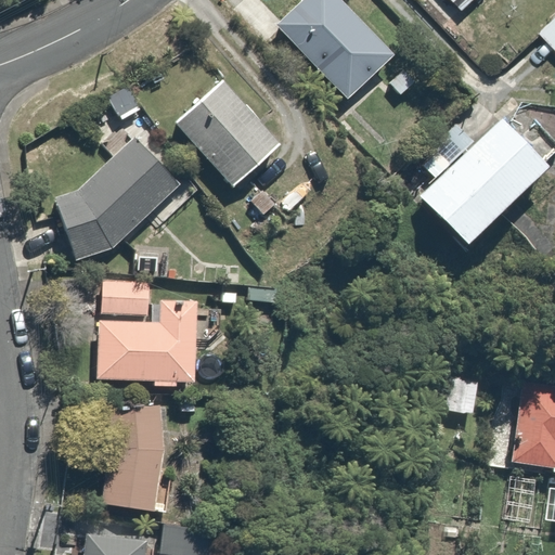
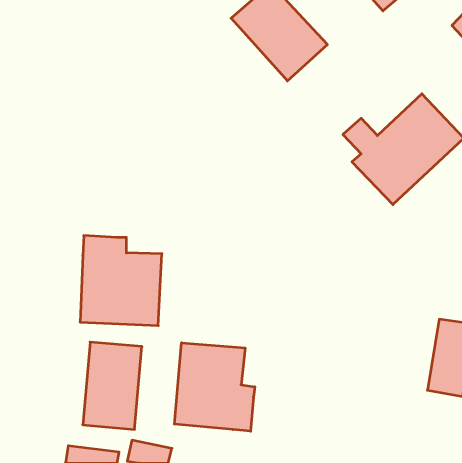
building: [176,83,274,183] -> none
building: [56,140,175,267] -> none
building: none -> [174,343,255,431]

